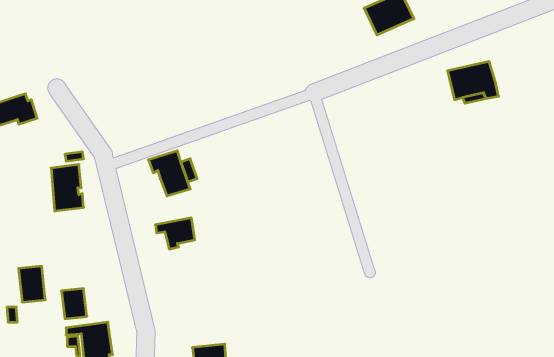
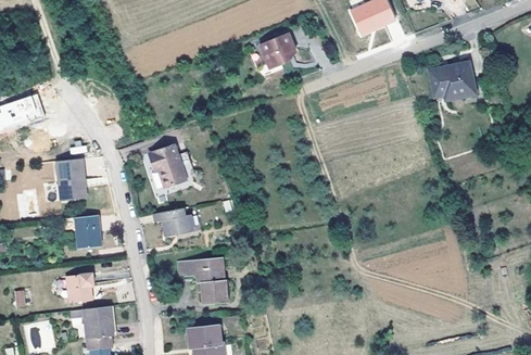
building: none -> [262,30,298,66]
building: [19,266,45,302] -> [76,215,101,249]
building: none -> [178,257,228,304]

